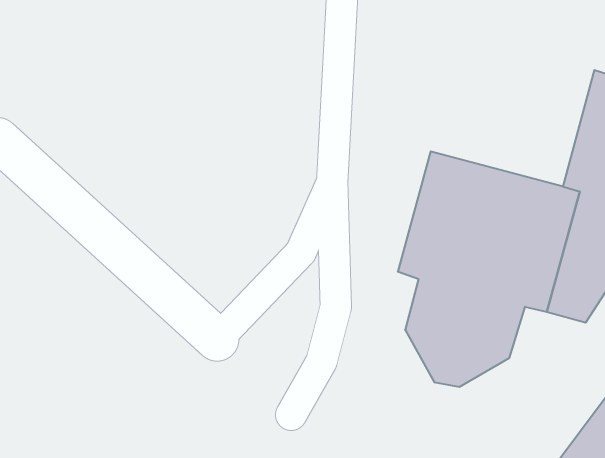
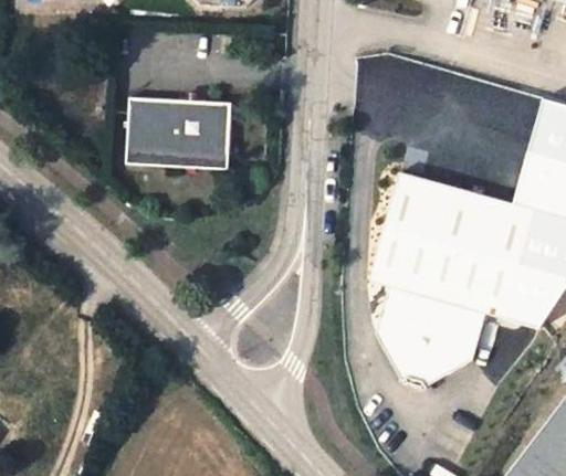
building: none -> [117,105,221,178]

